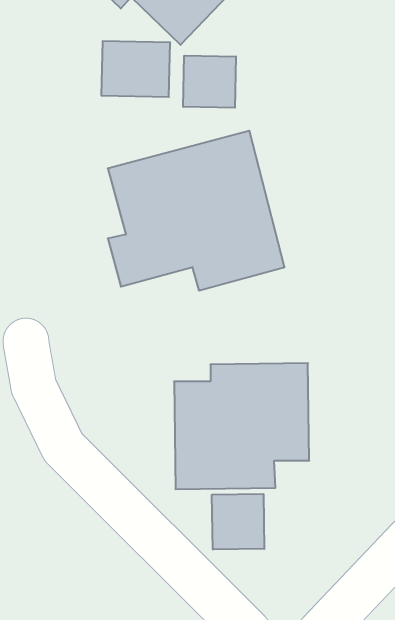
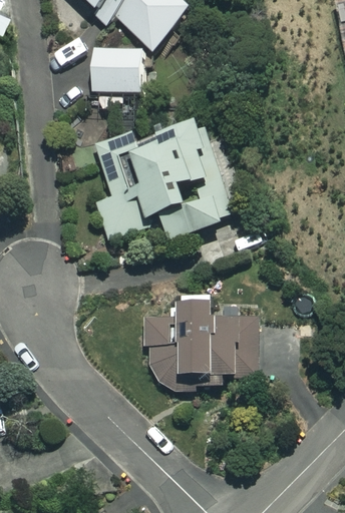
building: [183,56,236,108] -> none
building: [212,494,264,550] -> none

